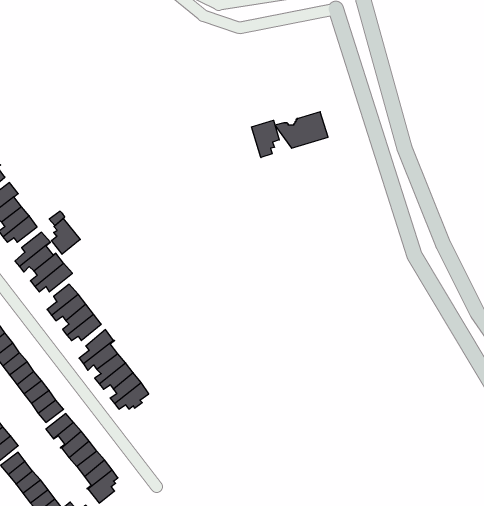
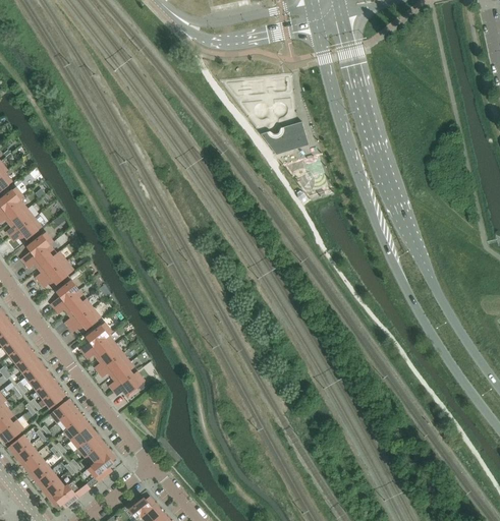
building: [252,120,279,158] -> none
building: [51,218,80,254] -> none

